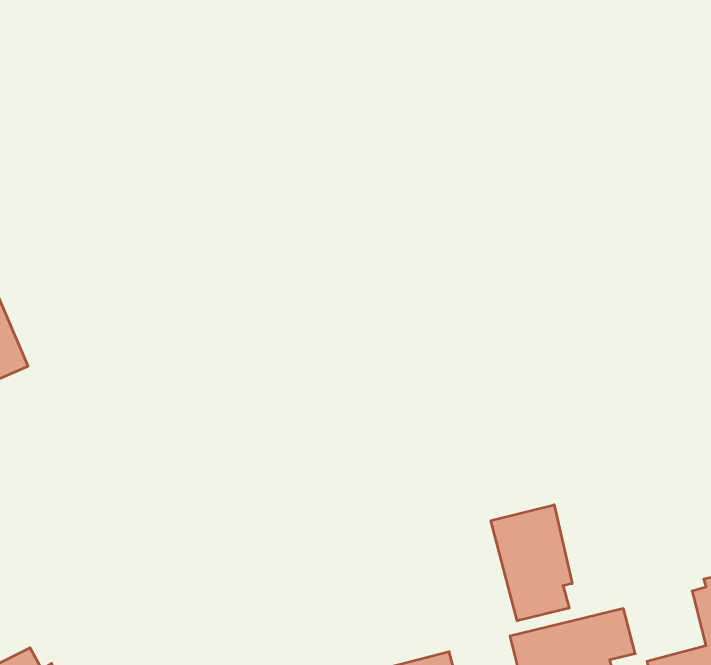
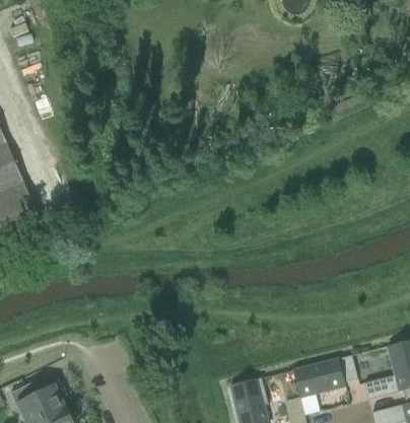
building: [491,505,572,621] -> none

